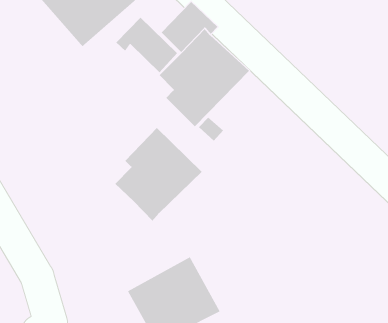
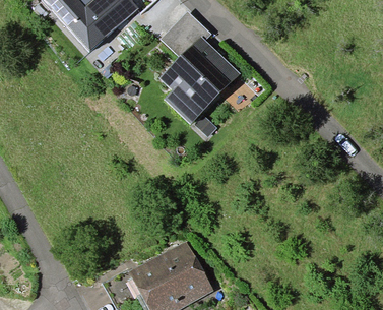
building: [116,17,178,73] -> none
building: [115,127,202,221] -> none

